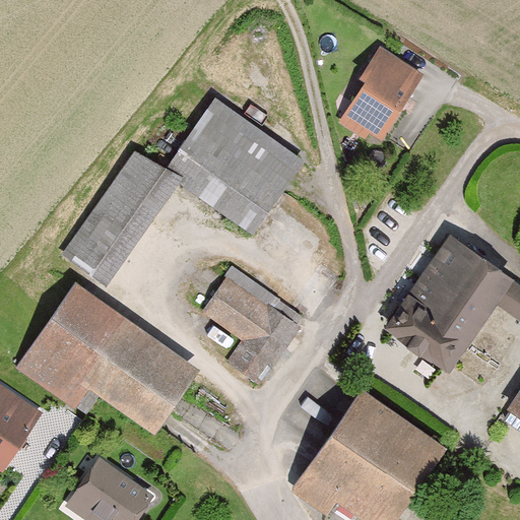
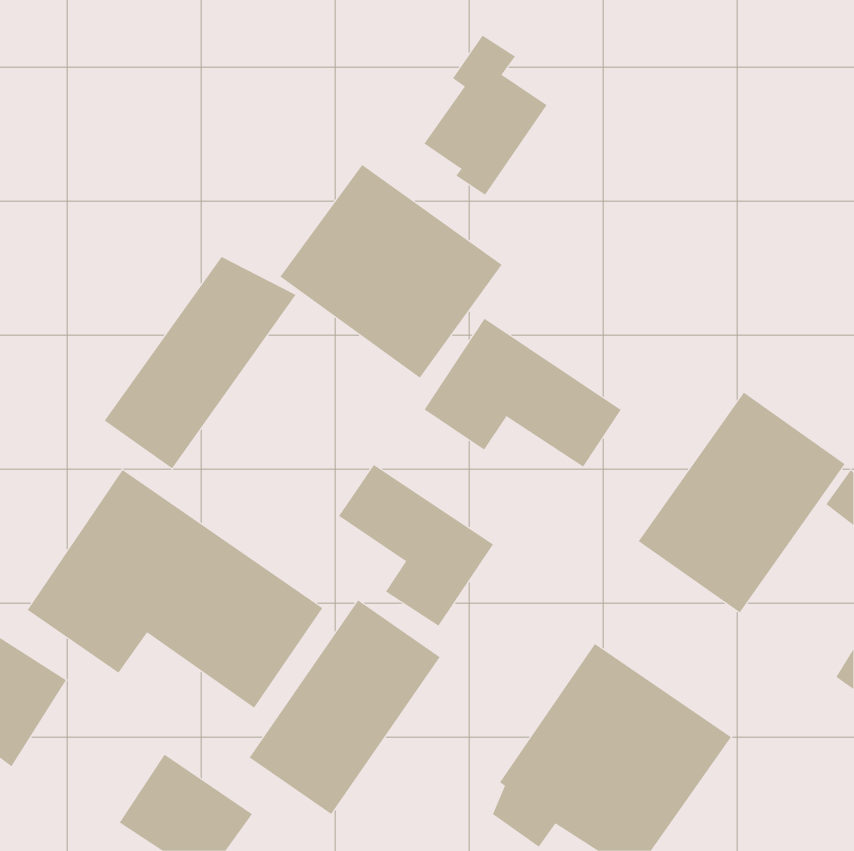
building: [341,43,416,140] -> [424,35,548,196]
building: none -> [424,318,621,468]
building: none -> [249,600,440,815]

